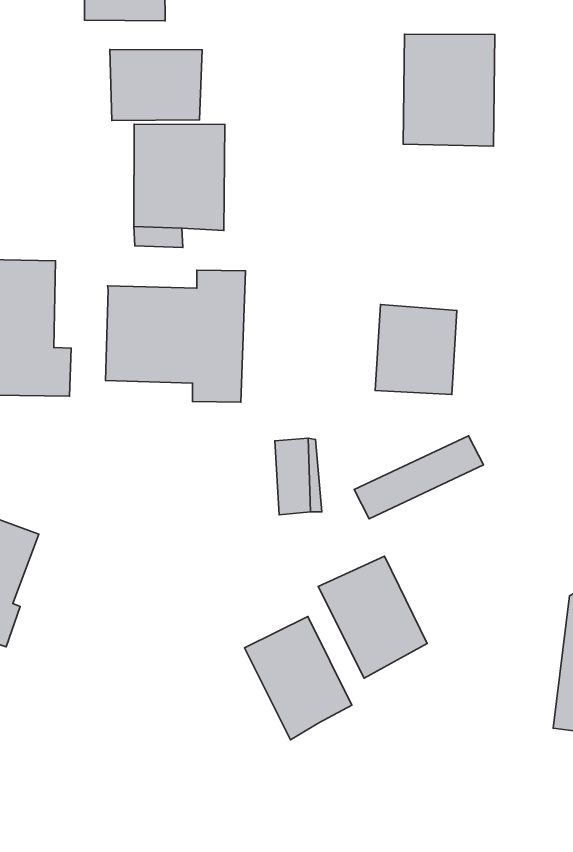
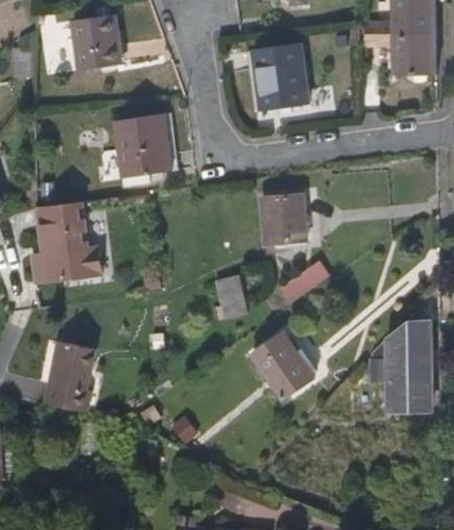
building: [110,49,202,120] -> none
building: [105,270,245,402] -> none
building: [244,616,352,740] -> none

